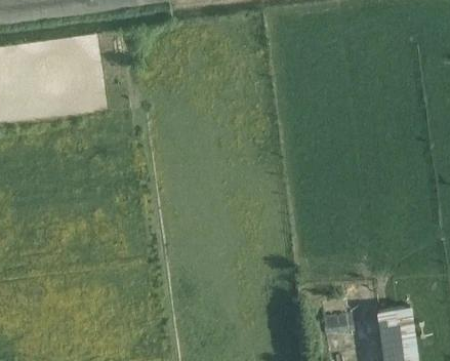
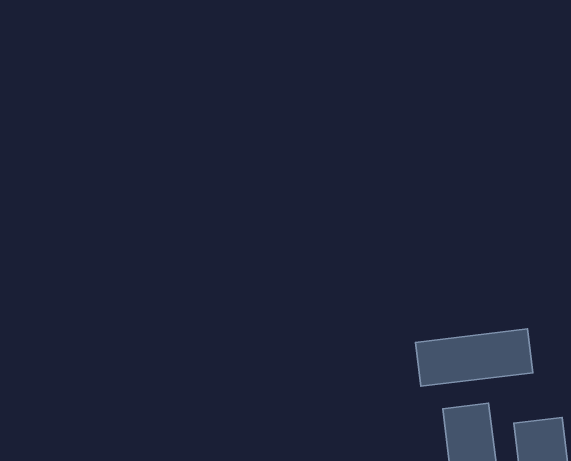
building: none -> [415,329,533,386]

